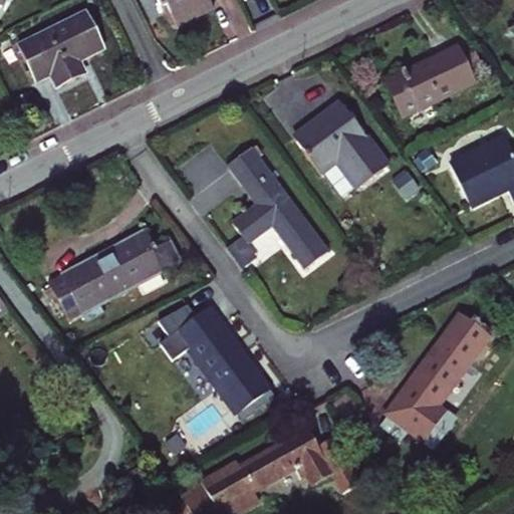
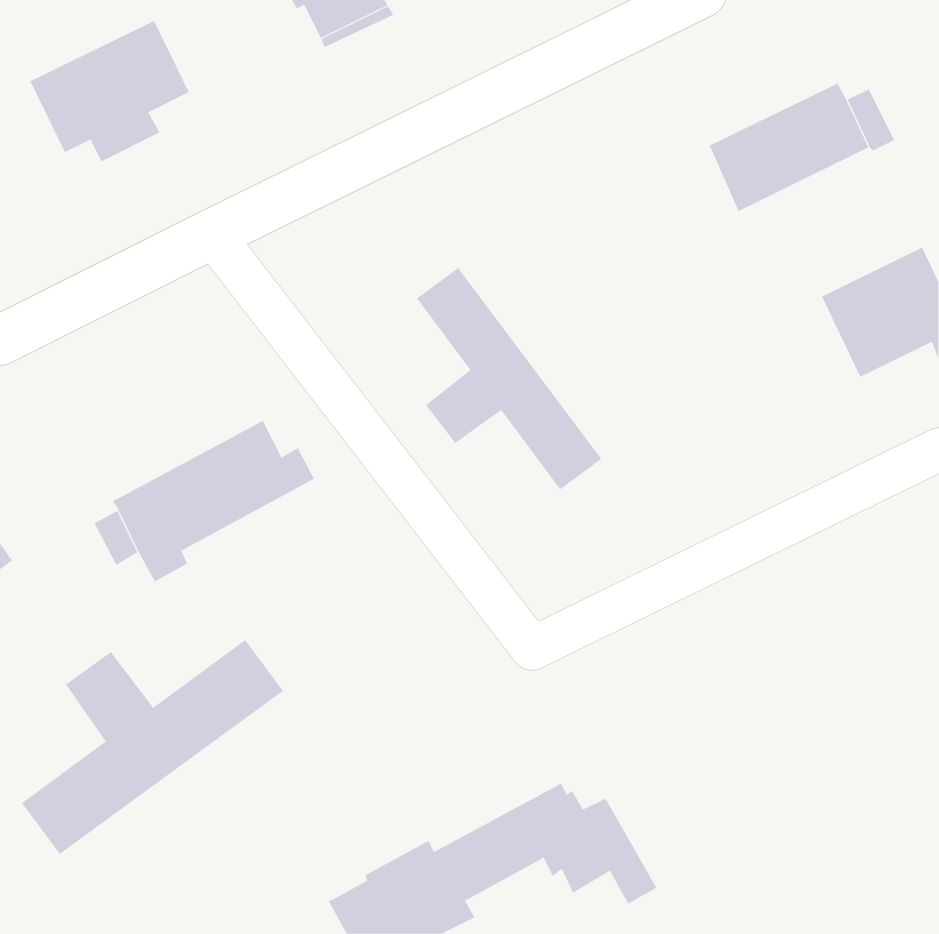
building: [293,101,387,187] -> none
building: [170,305,274,419] -> none
building: [379,312,488,447] -> none
building: none -> [21,639,284,855]

